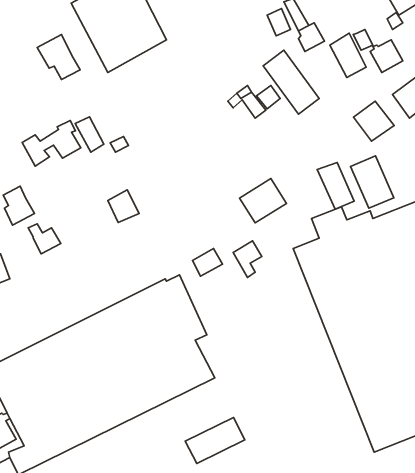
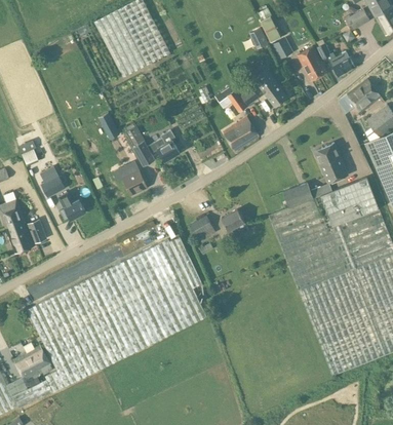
building: [37,35,80,80] -> none
building: [353,101,394,141] -> none
building: [22,120,81,166] -> [133,129,180,165]
building: [317,162,354,209] -> none
building: [239,179,287,223] -> [223,116,260,151]
building: [185,417,245,464] -> none

